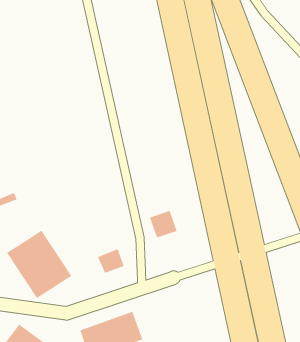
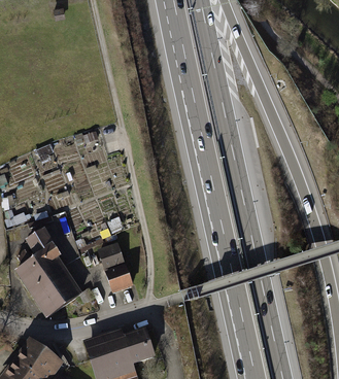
building: [149,210,177,238] -> [97,242,125,270]
building: none -> [24,231,50,257]

